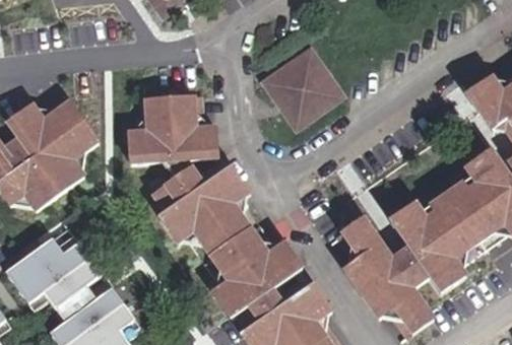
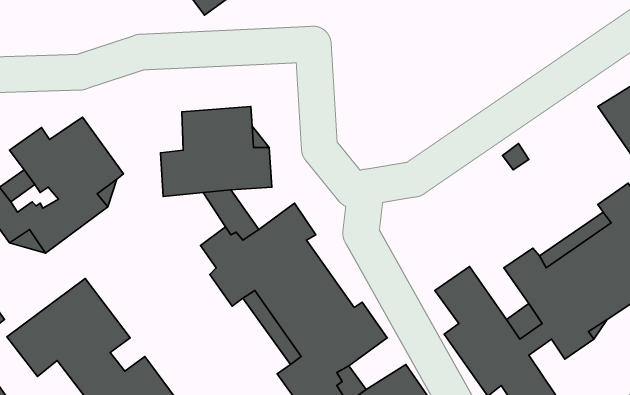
building: [268,46,341,120] -> none

